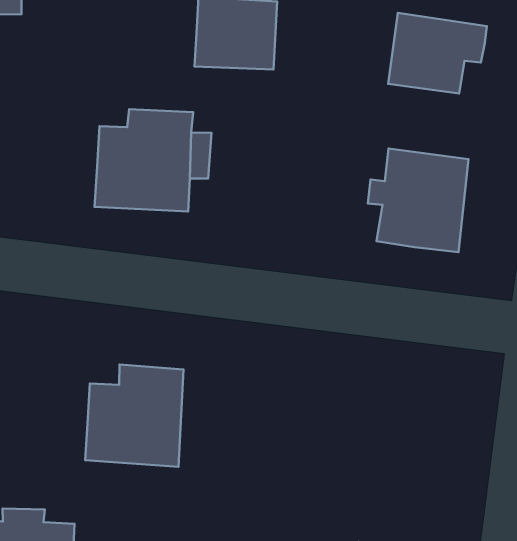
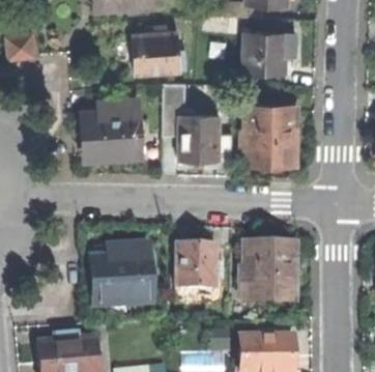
building: none -> [163,84,233,163]
building: none -> [175,242,215,288]
building: none -> [239,246,293,298]

